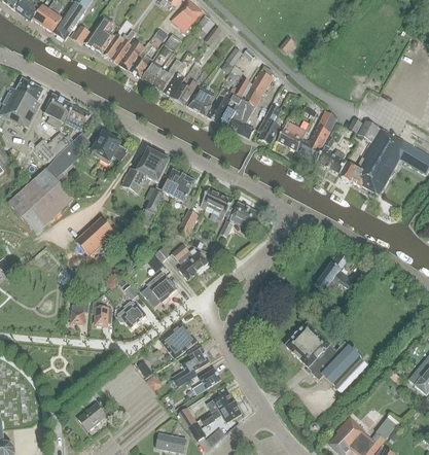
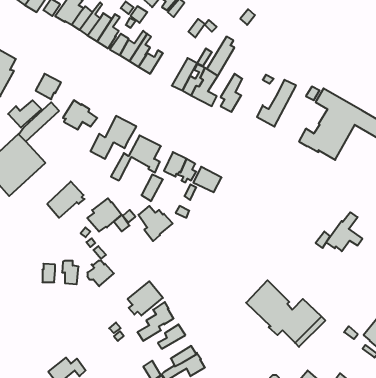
building: [185,85,216,115] -> none
building: [43,94,72,128] -> none
building: [277,120,307,149] -> none
building: [316,137,347,173] -> none
building: [315,252,353,293] -> [326,212,362,251]
building: [141,271,177,306] -> [87,198,122,232]

